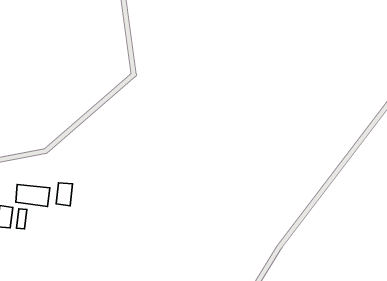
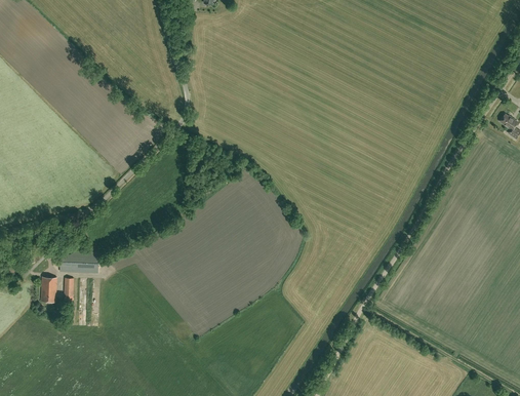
building: [56,183,72,206] -> none

